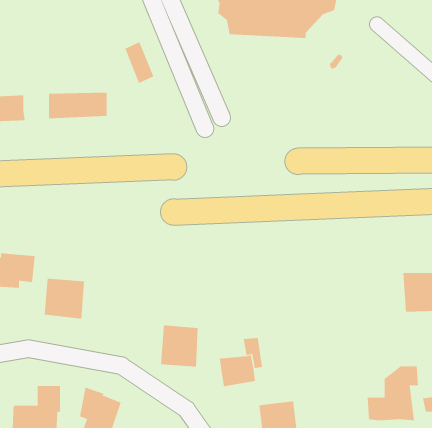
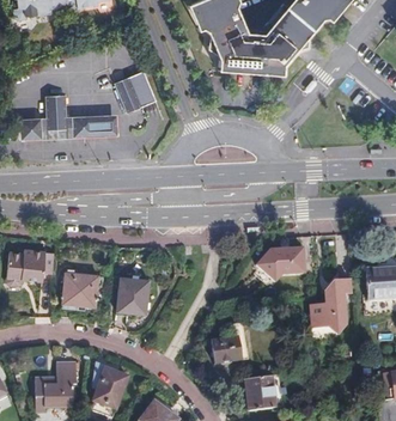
building: none -> [115,77,142,112]
building: none -> [44,93,66,129]
building: none -> [256,248,304,281]
building: [160,325,198,367] -> [116,279,148,315]
building: [367,366,419,421] -> [310,277,354,324]

